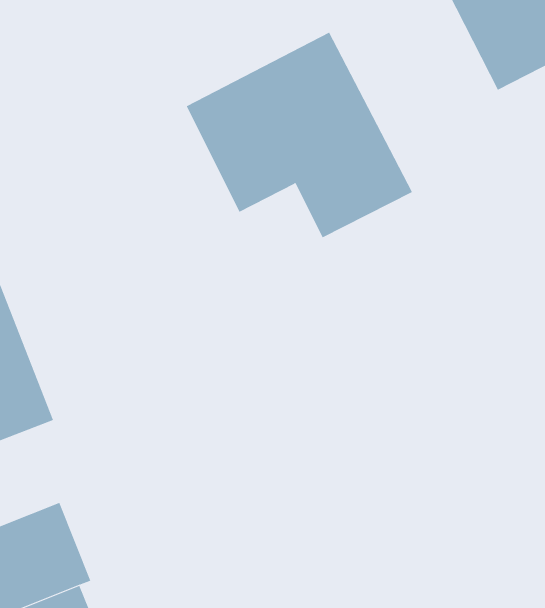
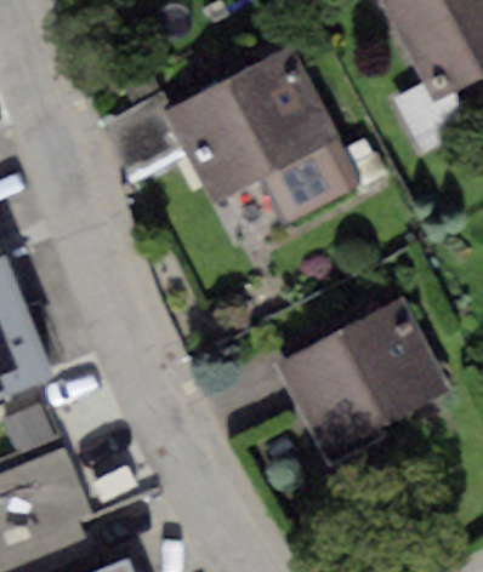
building: none -> [274,298,449,456]

